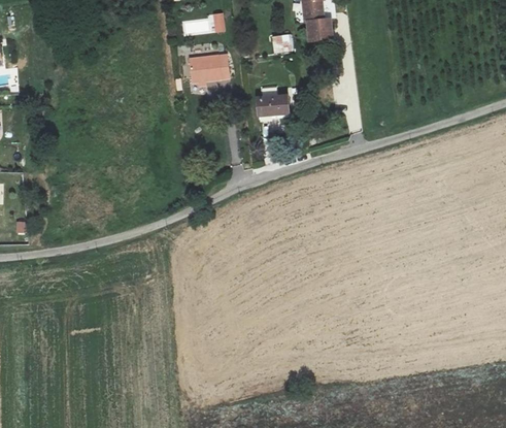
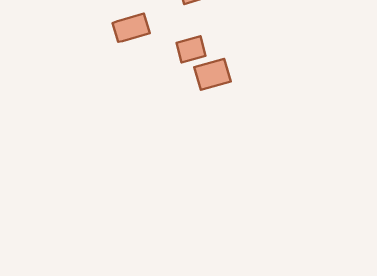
building: none -> [194,59,231,90]

